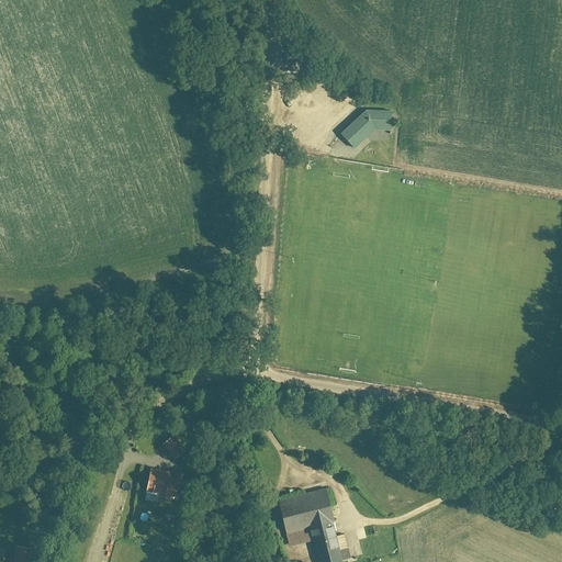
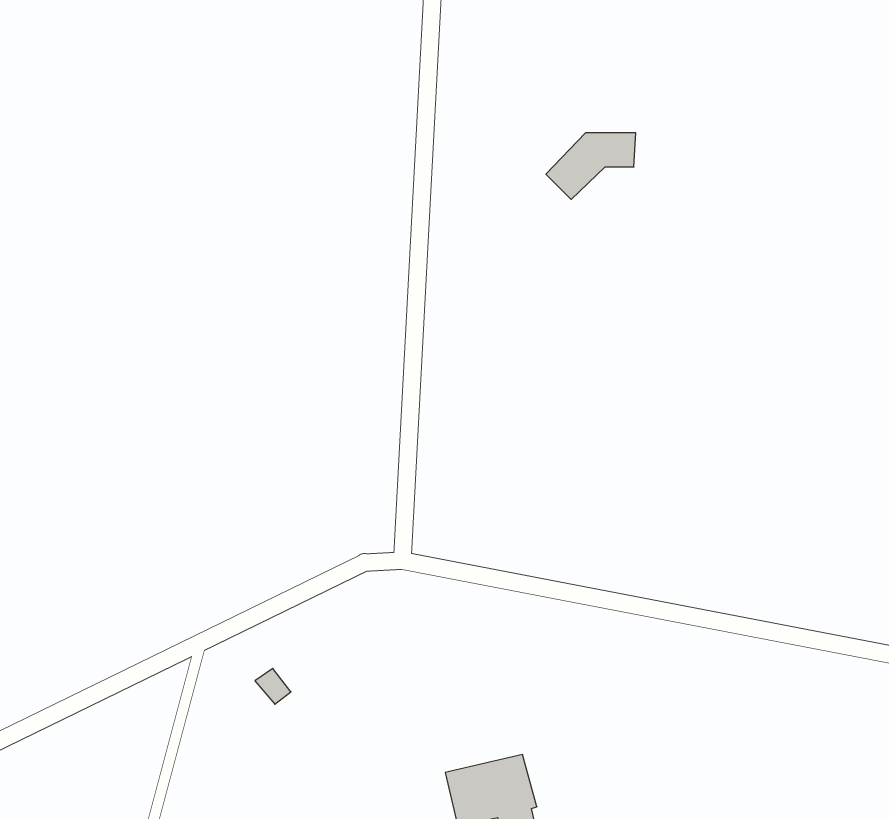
building: [147,471,179,497] -> none

